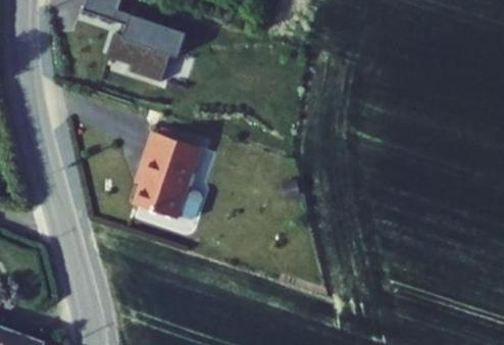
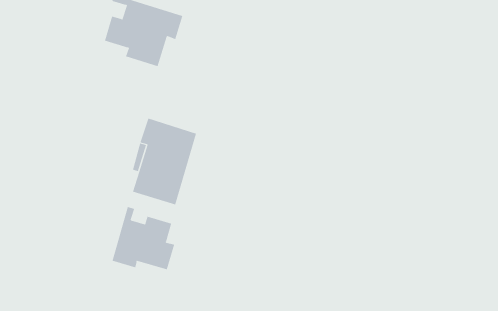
building: none -> [112,206,175,270]

